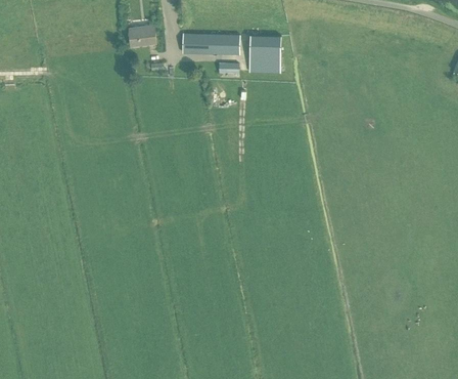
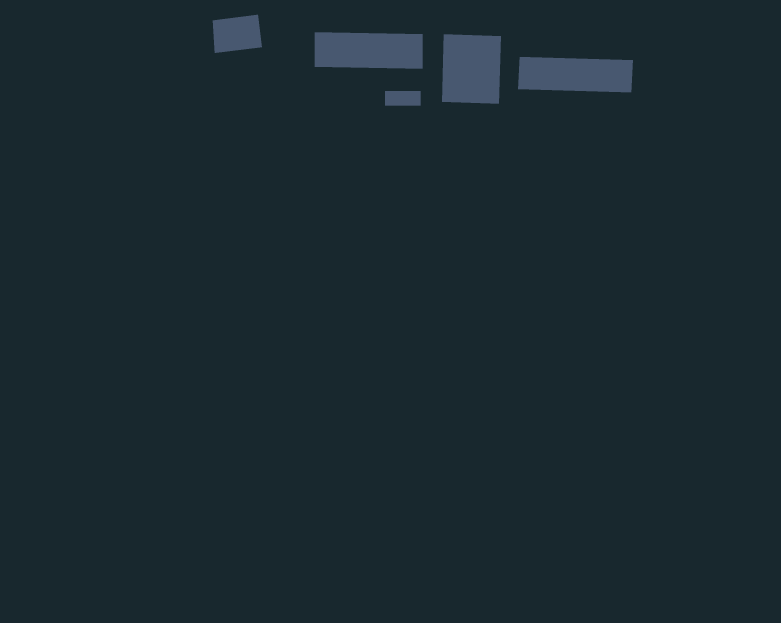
building: none -> [517,56,633,93]

